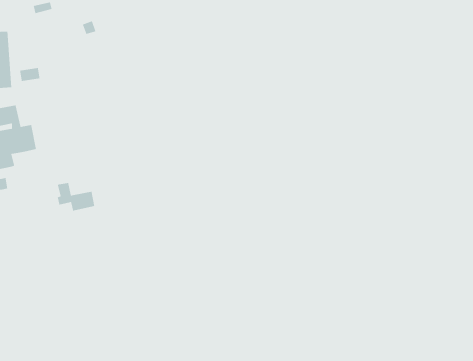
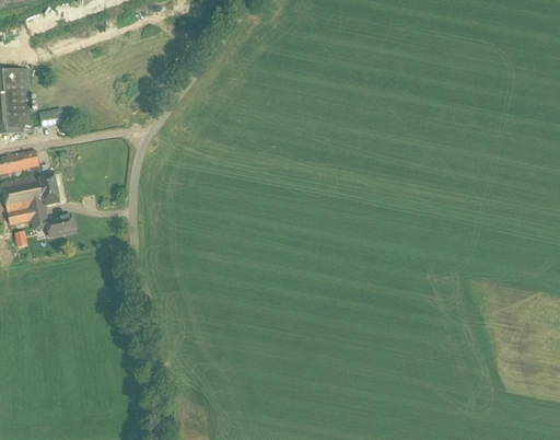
building: [57,182,95,212] -> [31,204,73,236]

